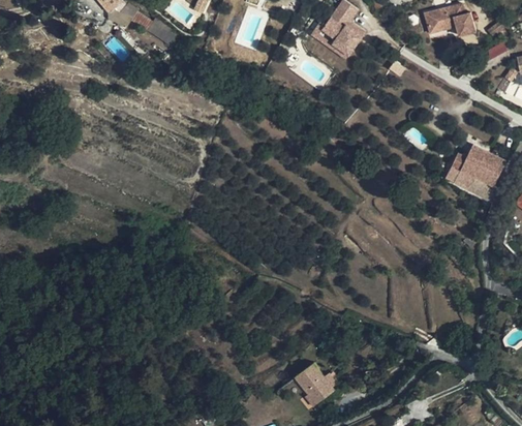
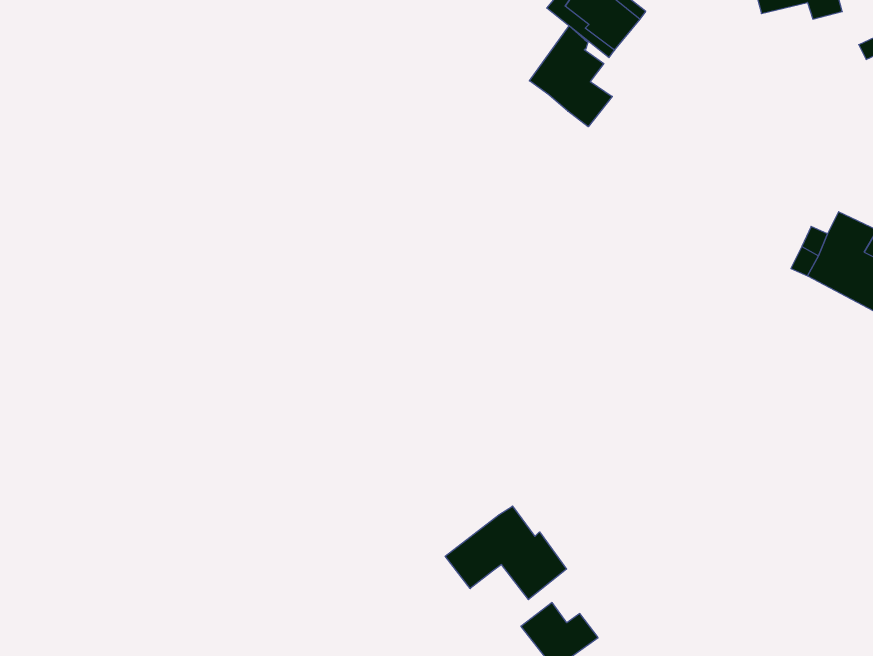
building: none -> [529,26,612,127]
building: none -> [445,506,567,600]

